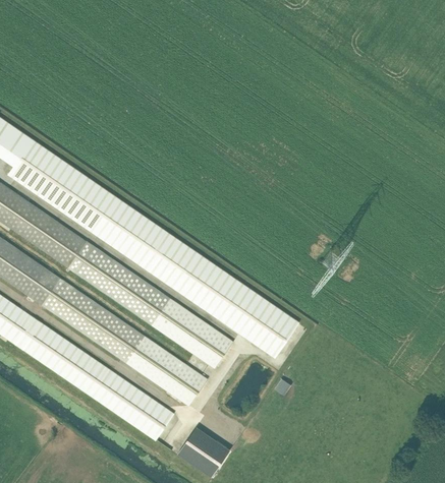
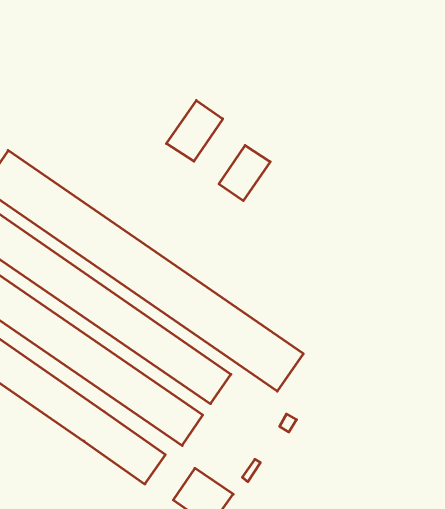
building: none -> [166,100,223,161]
building: none -> [219,145,270,201]

